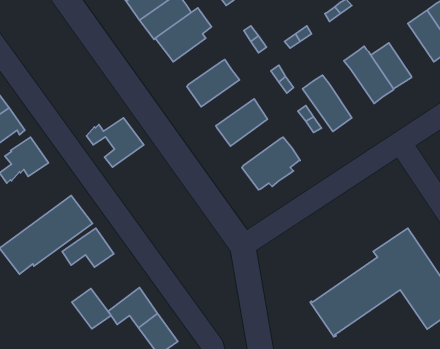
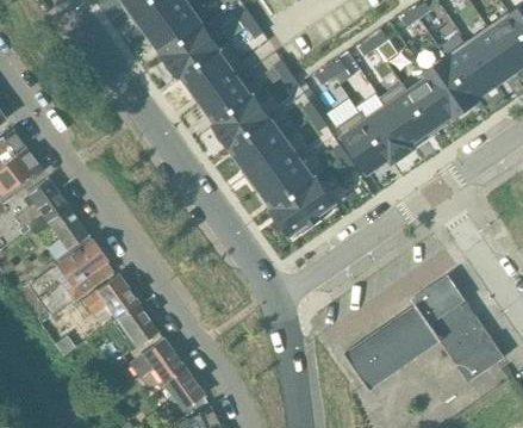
building: none -> [424,57,477,116]
building: none -> [199,73,251,122]
building: none -> [365,106,415,162]
building: none -> [229,117,285,166]
building: [87,118,144,167] -> [27,205,88,258]
building: none -> [260,159,313,207]
building: [72,289,111,329] -> [116,302,157,345]

